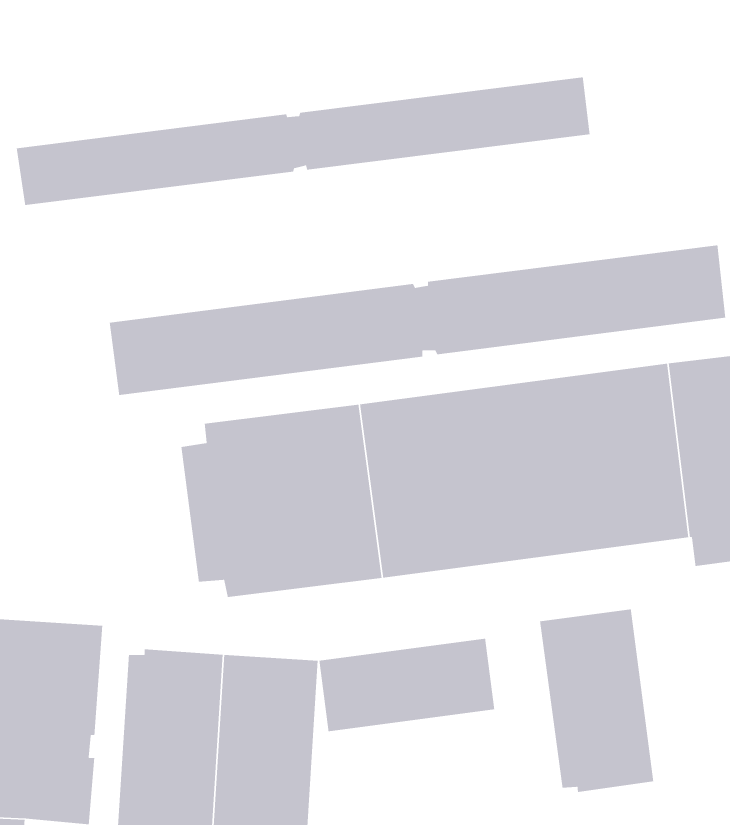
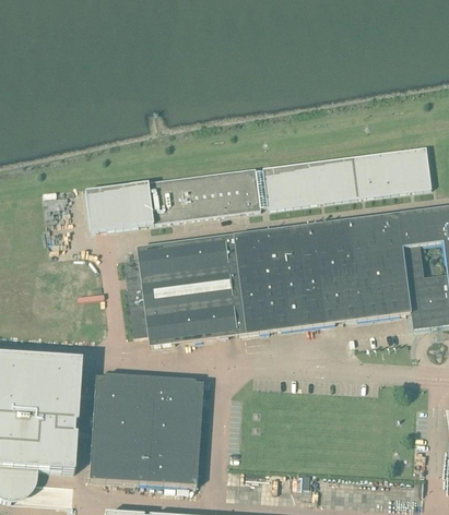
building: [16,76,590,206] -> none
building: [539,609,654,793] -> none
building: [318,638,495,732] -> none

